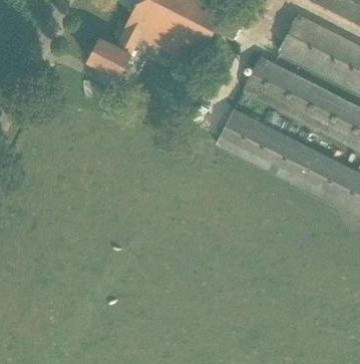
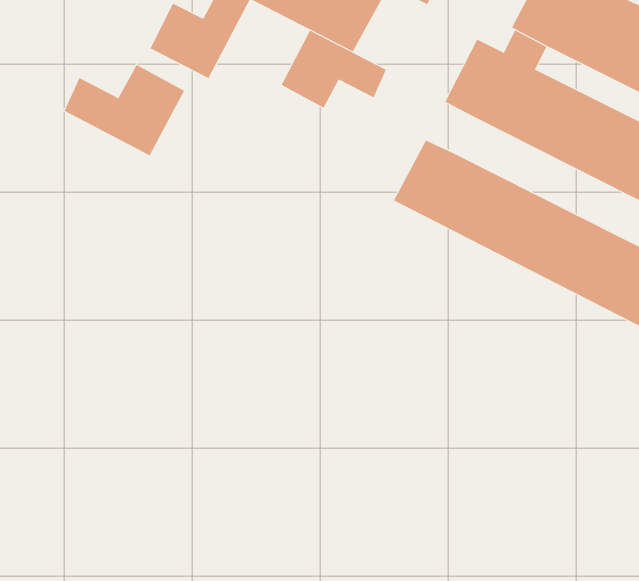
building: none -> [281,30,387,109]
building: none -> [64,64,185,156]

